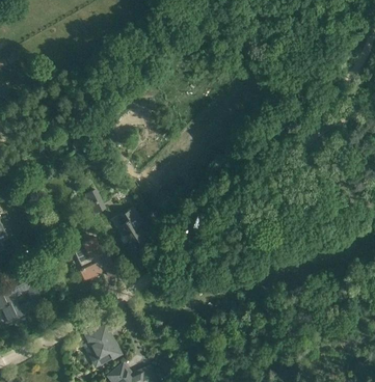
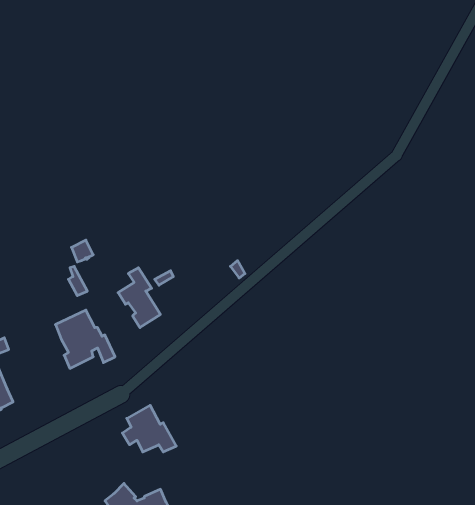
building: [83,325,122,358] -> [122,405,176,452]

